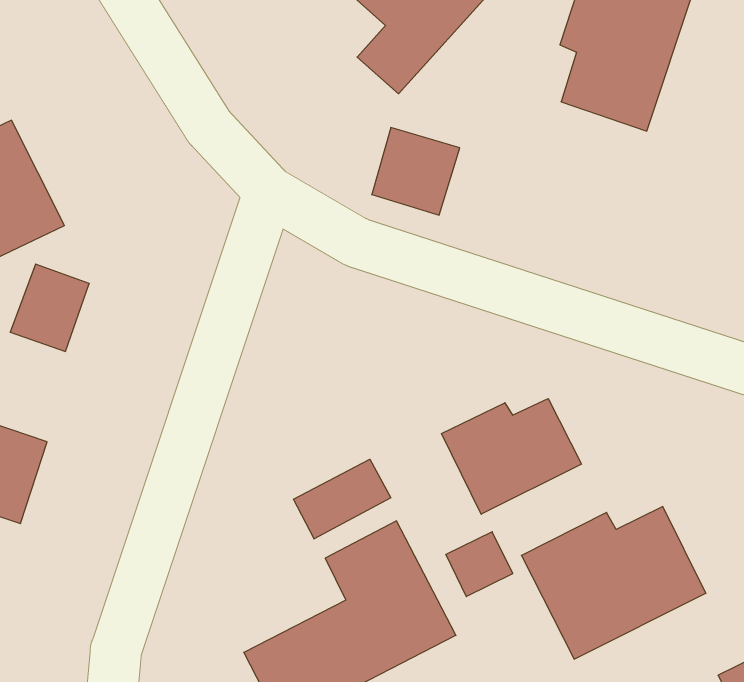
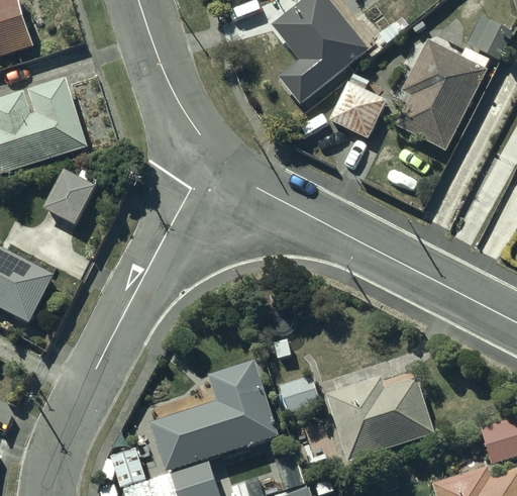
building: [372,128,460,215] -> [328,80,386,137]
building: [441,399,581,514] -> none
building: [294,459,391,539] -> none

